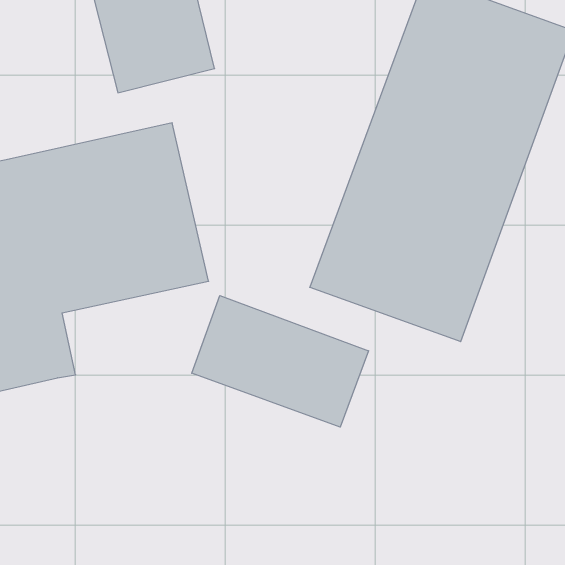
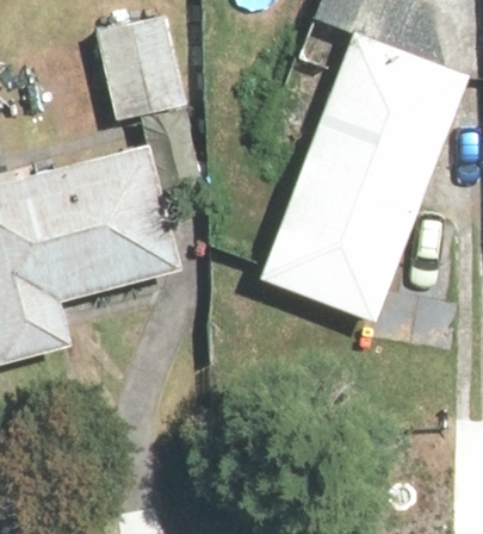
building: [192,296,369,427] -> none

